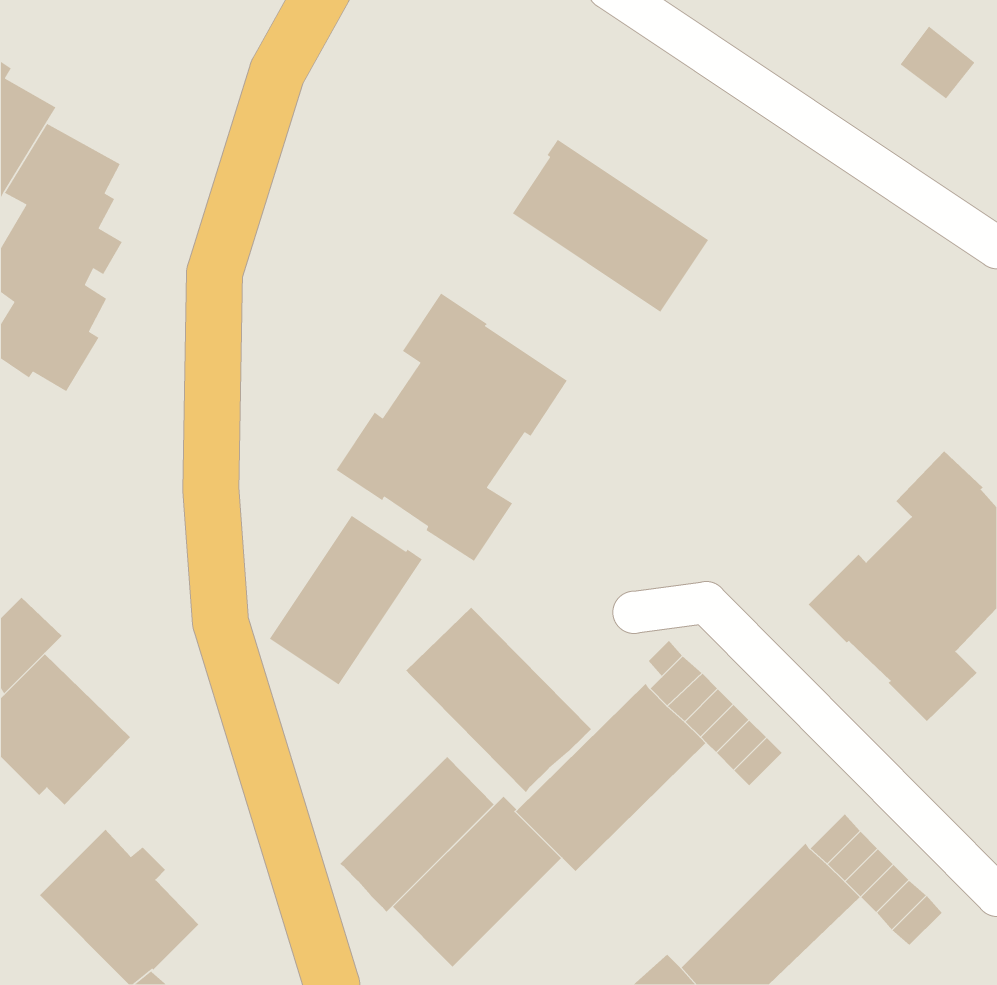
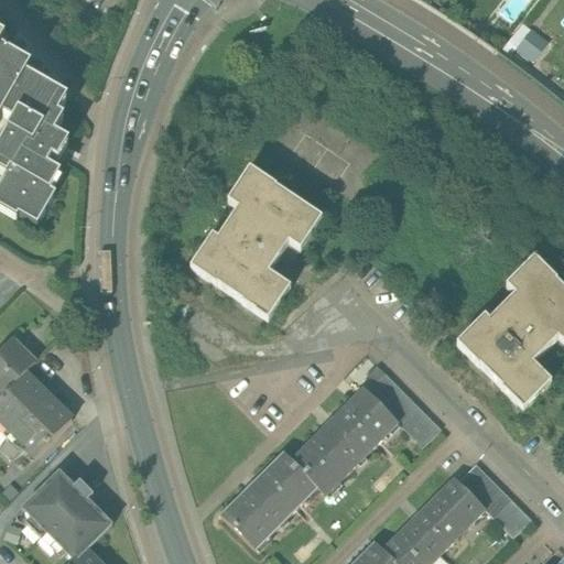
building: [512,139,709,313] -> none
building: [269,515,423,685] -> none
building: [405,607,592,793] -> none
building: [339,756,495,913] -> none

